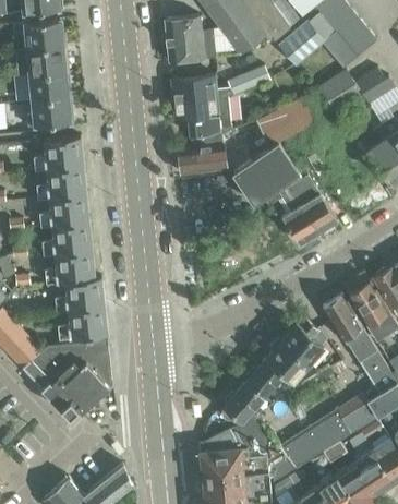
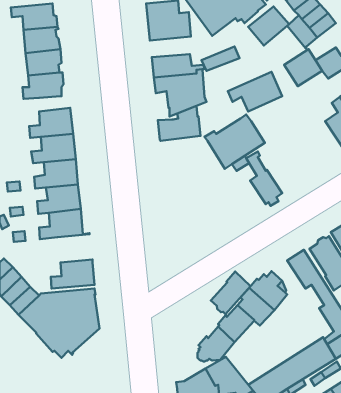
building: [290,175,337,232] -> none
building: [55,278,105,311] -> none
building: none -> [211,272,250,314]

